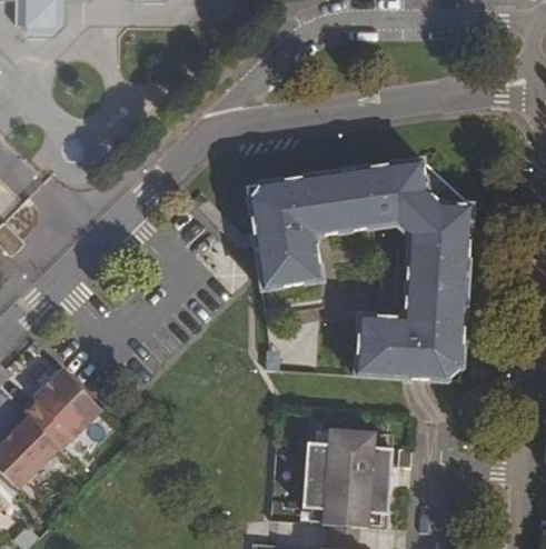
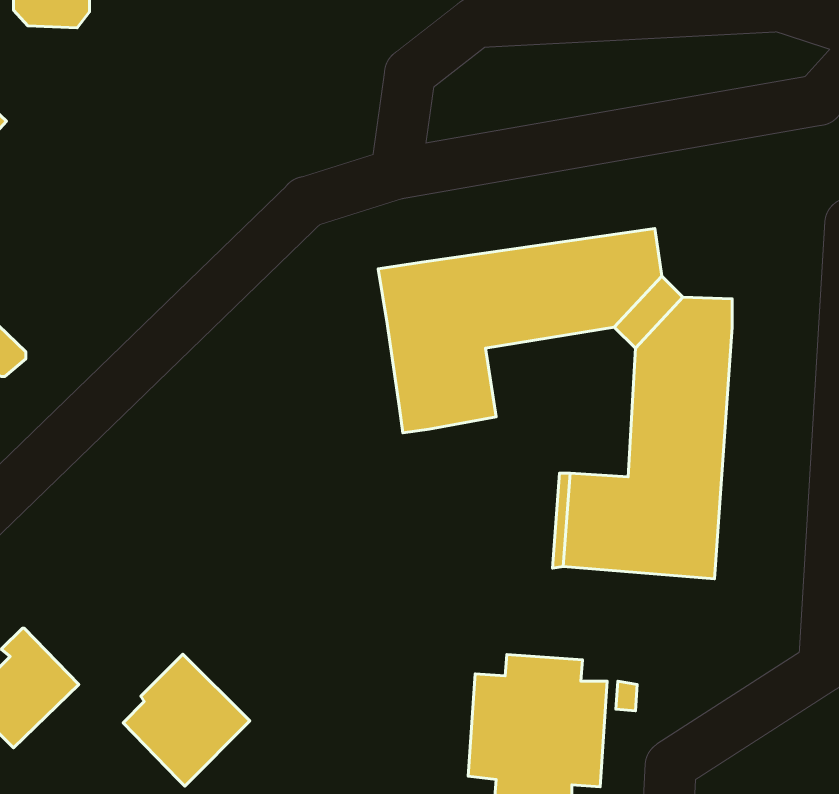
building: [23,369,103,452] -> [123,654,250,786]

